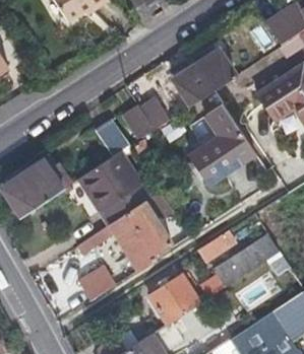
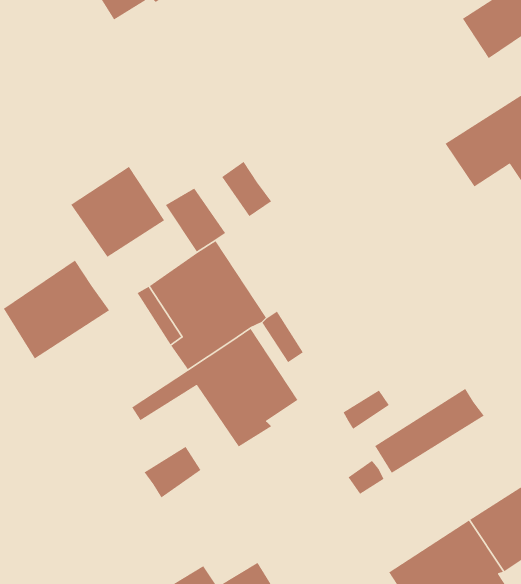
building: [173,50,236,105] -> none
building: none -> [70,166,165,258]
building: [172,119,249,184] -> none
building: [149,275,199,324] -> none

